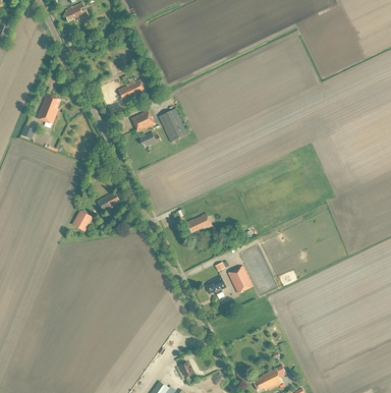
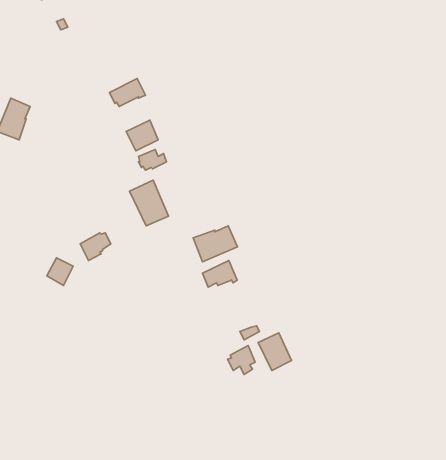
building: [158,108,186,142] -> [130,180,169,226]
building: none -> [193,226,237,262]

